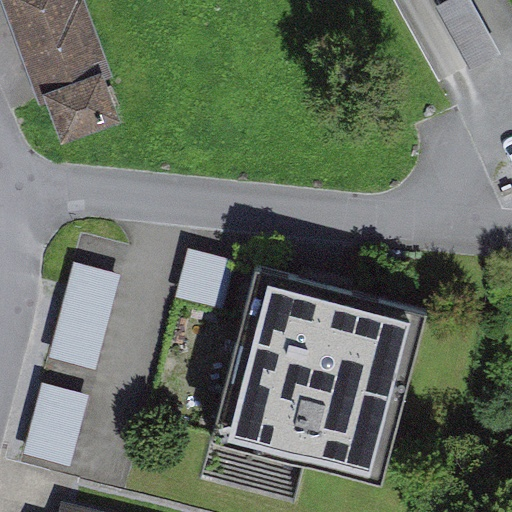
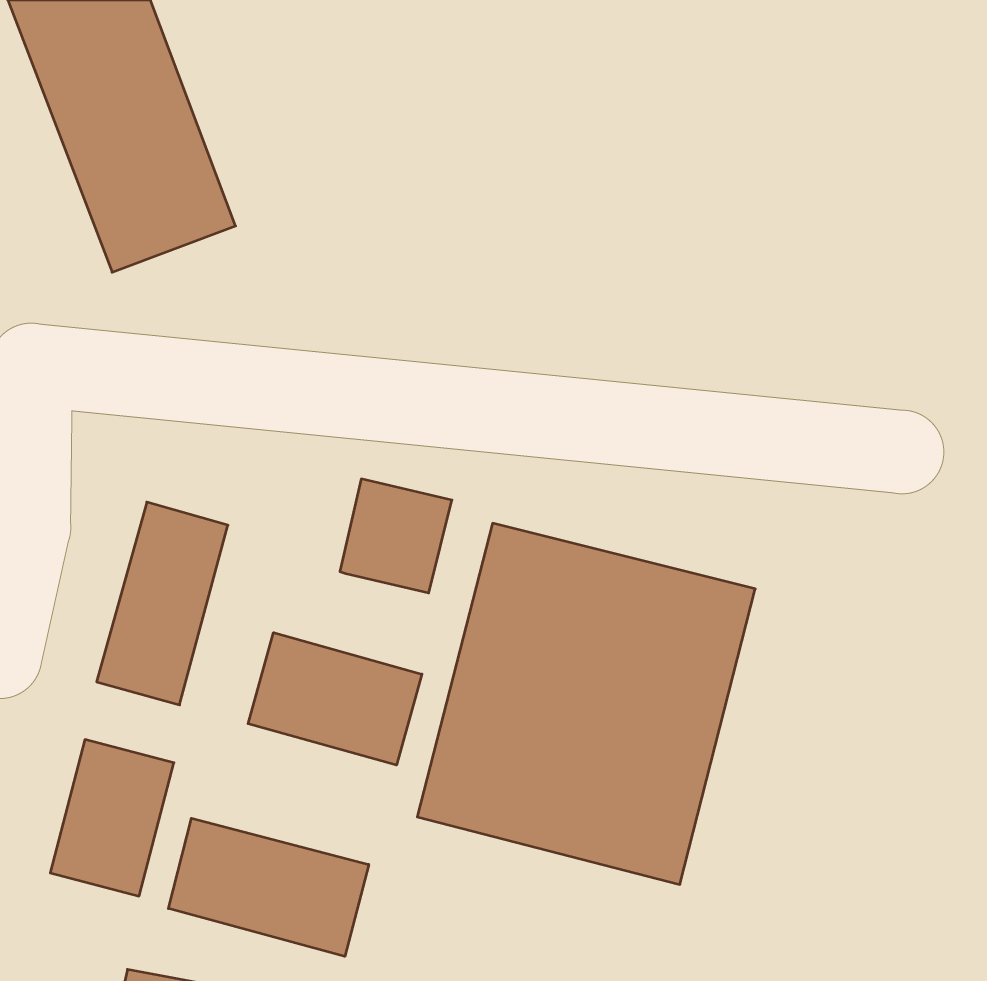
building: none -> [248,633,422,765]
building: none -> [168,818,369,956]

